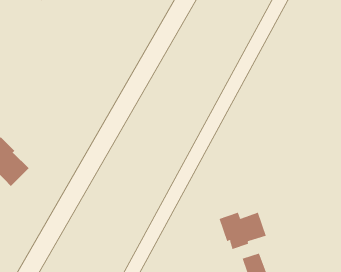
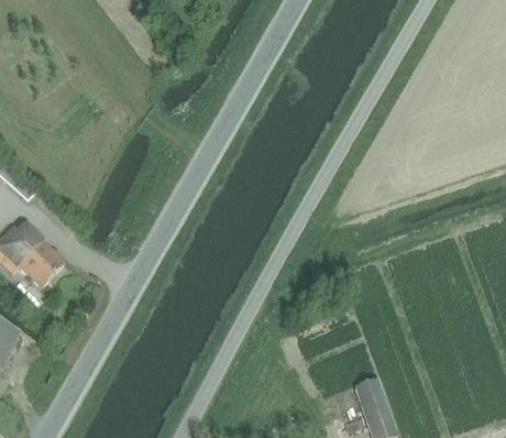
building: [219,212,267,250] -> none

